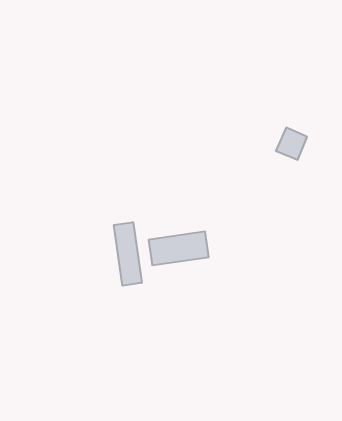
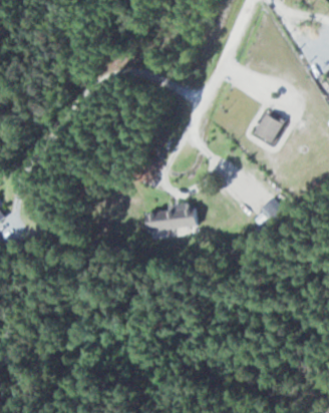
building: [114,222,142,286] -> none

